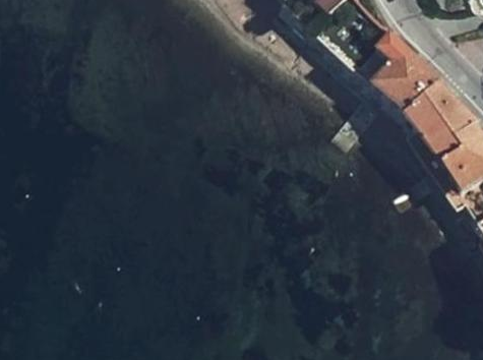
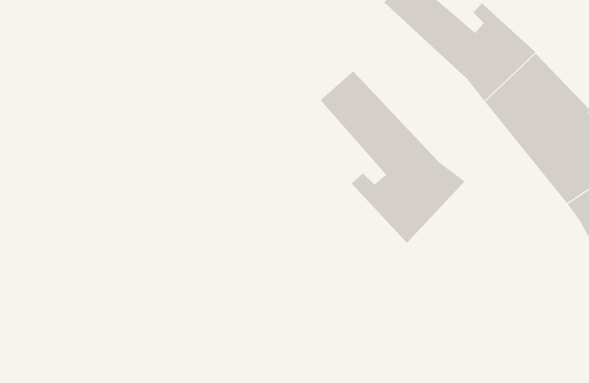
building: none -> [320,70,465,246]

